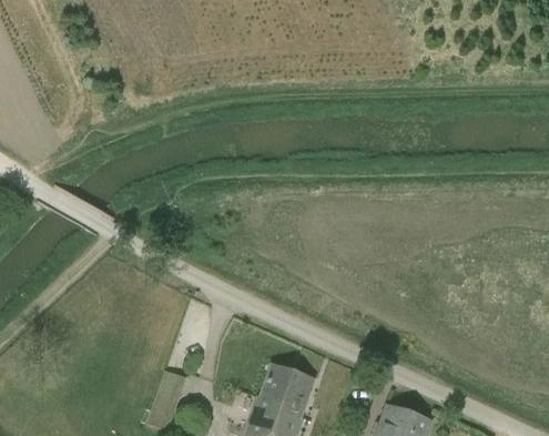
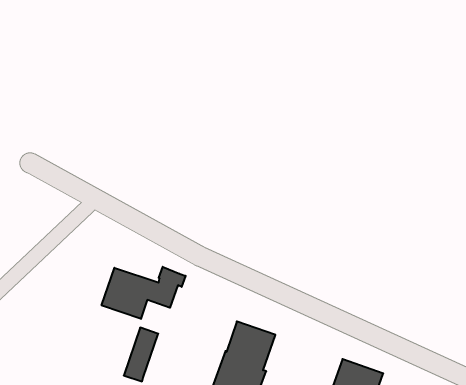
building: none -> [102,267,186,319]

